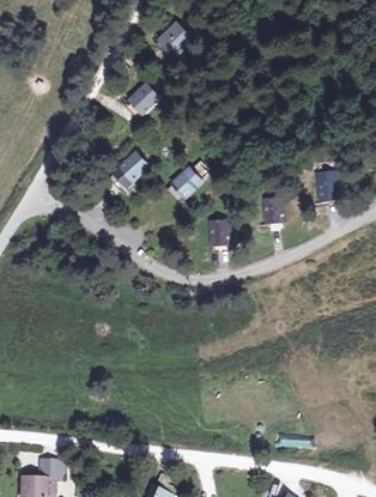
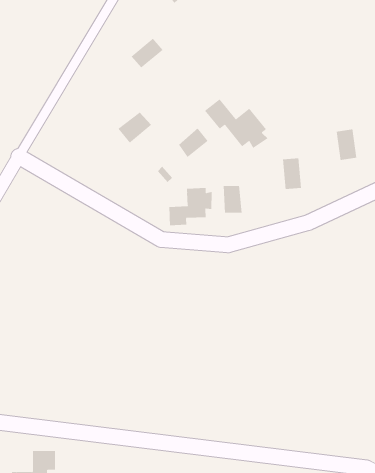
building: none -> [204,98,269,149]
building: none -> [169,187,212,226]

